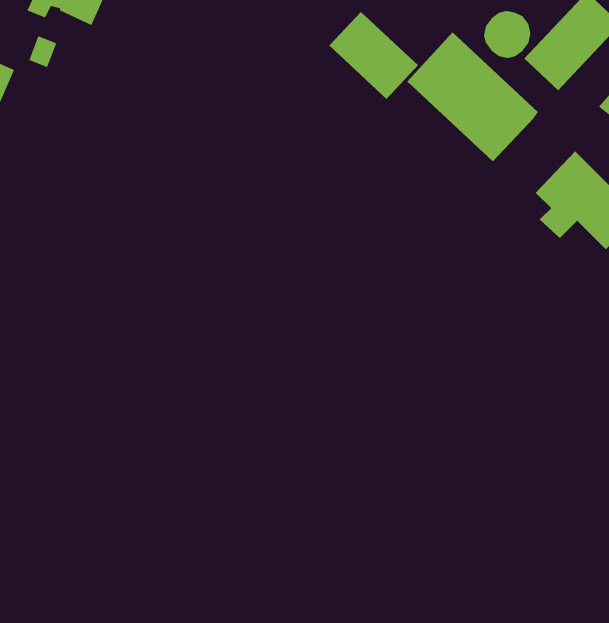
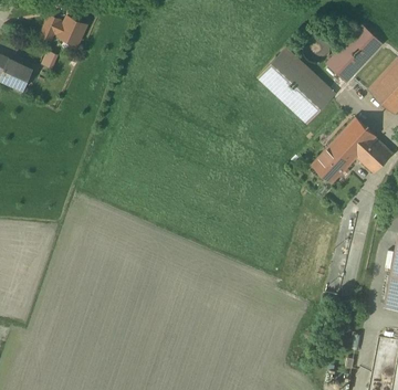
building: [329,11,419,100] -> none
building: none -> [311,140,346,183]

